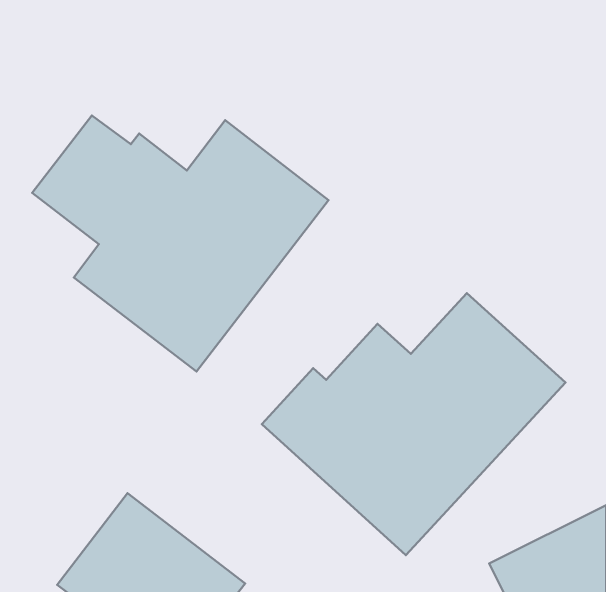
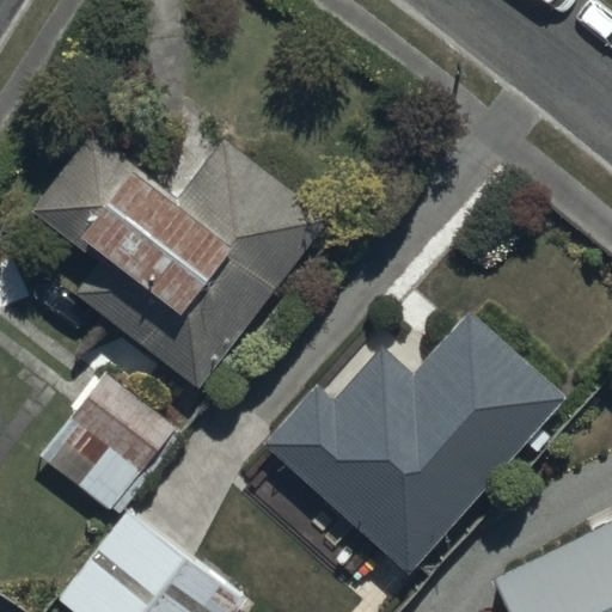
building: none -> [39,372,182,518]

